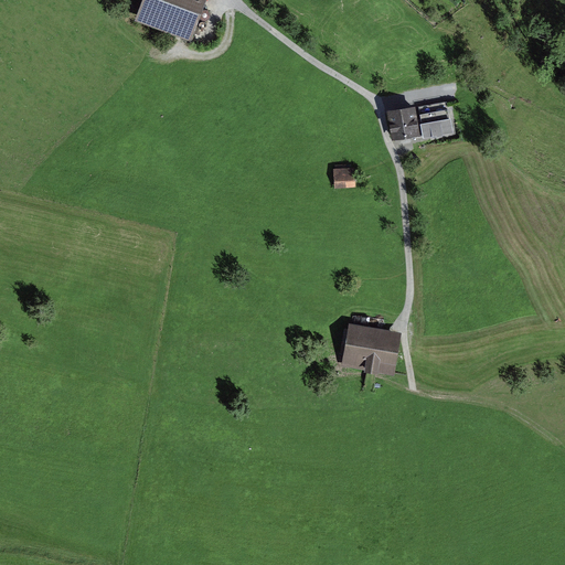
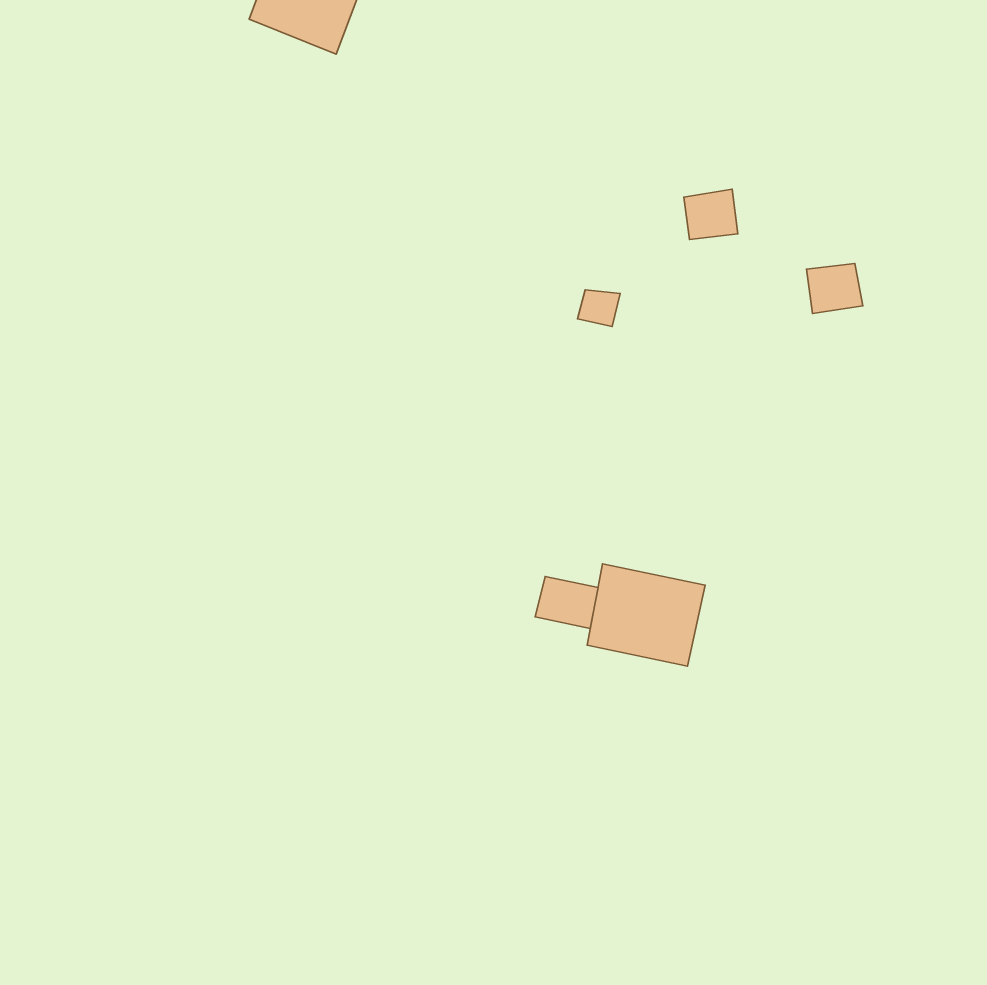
building: [418,105,450,134] -> [807,263,863,314]
building: none -> [535,576,598,628]

